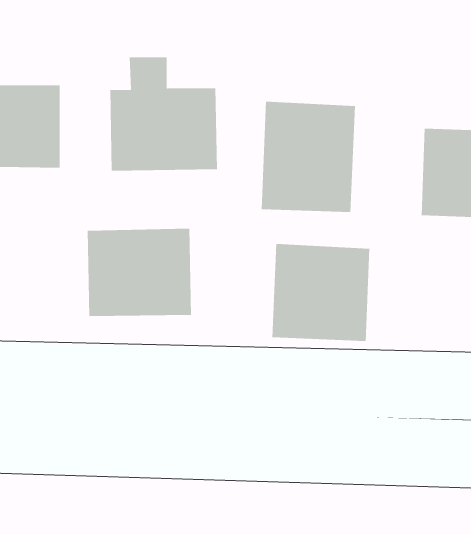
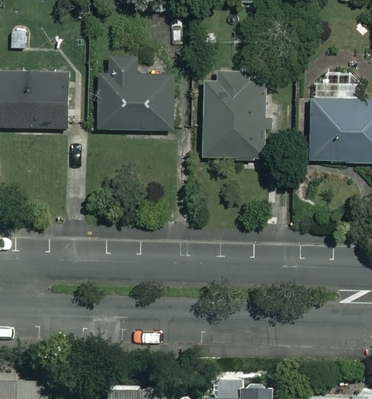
building: [87,228,191,317] -> none
building: [272,243,370,342] -> none

